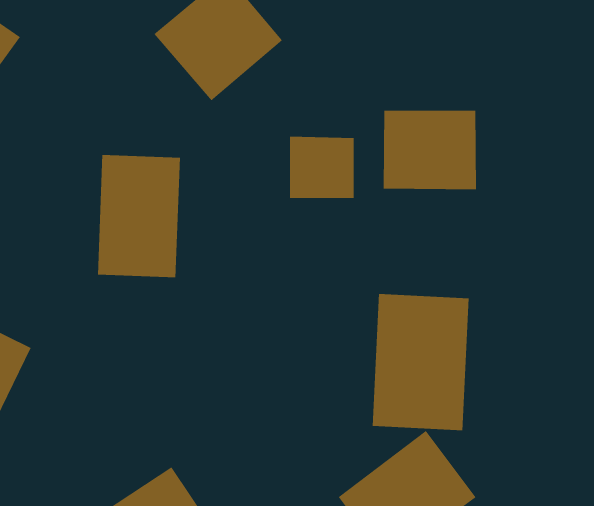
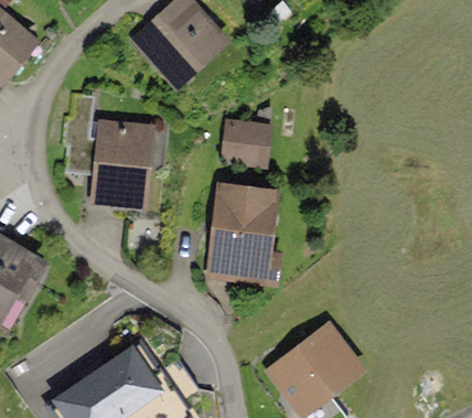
building: [383,110,476,190] -> none
building: [372,294,469,431] -> [205,184,276,283]

